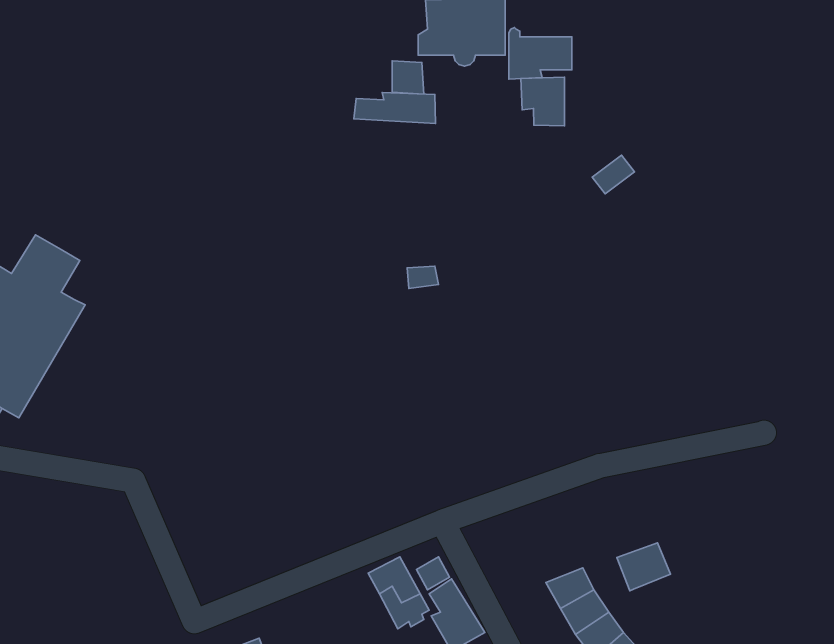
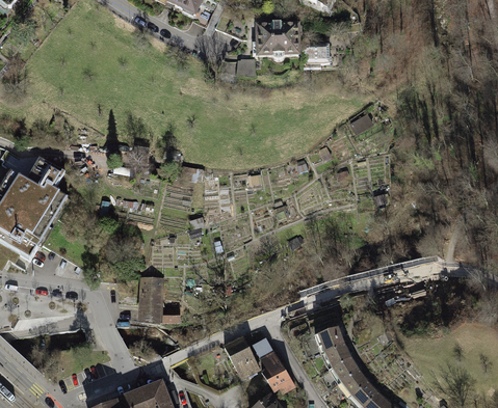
building: [521,77,564,126] -> none
building: [354,92,435,124] -> none
building: none -> [140,278,180,322]
building: [617,543,670,591] -> [315,326,345,353]

